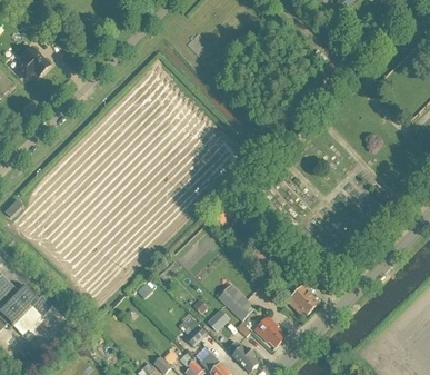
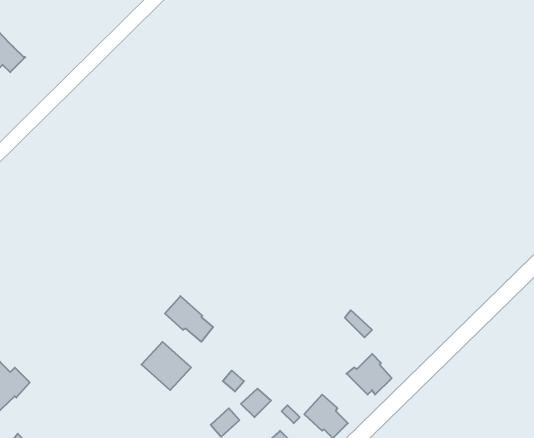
building: none -> [165,296,213,342]
building: [218,283,256,319] -> none

